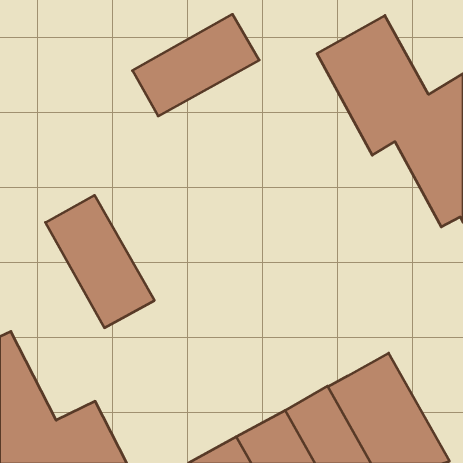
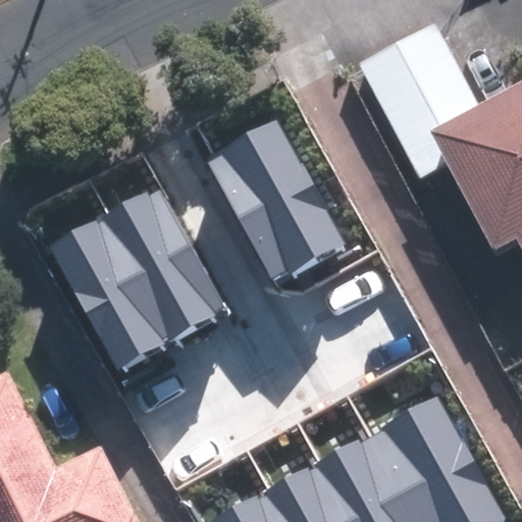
building: [132,14,259,116] -> none
building: none -> [208,123,346,284]
building: none -> [106,191,225,338]

